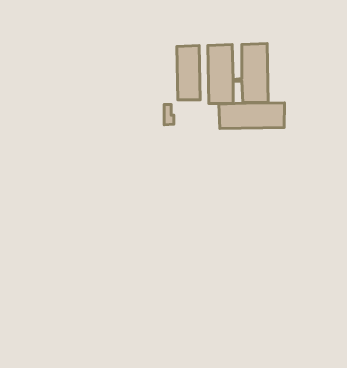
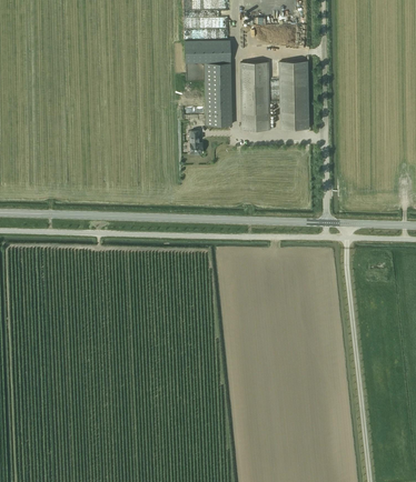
building: none -> [185,39,230,62]
building: [219,103,284,129] -> none

